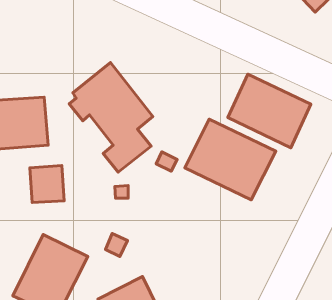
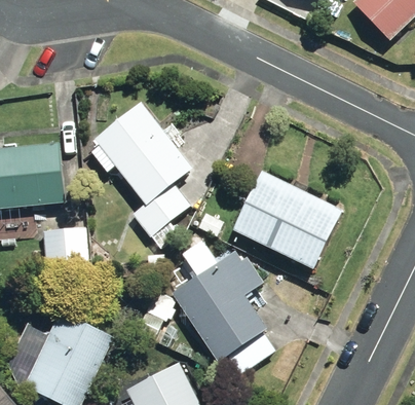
building: [228,74,311,148] -> none
building: none -> [172,251,268,363]

